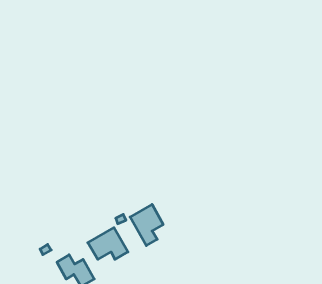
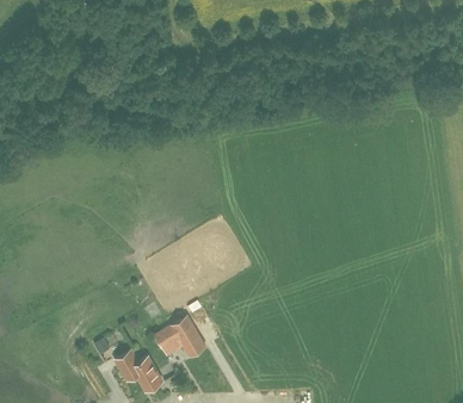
building: [130,204,163,246] -> none

